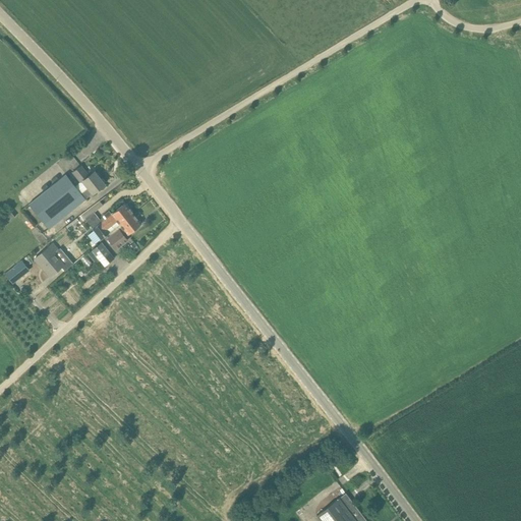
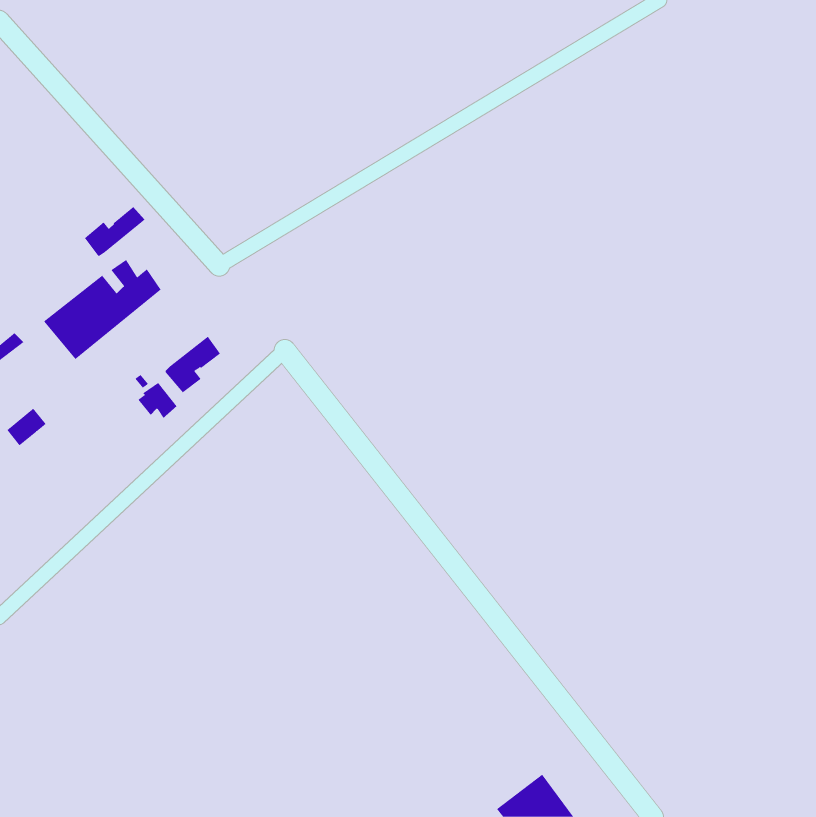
building: none -> [84,206,145,256]
building: [92,204,132,240] -> none
building: [35,243,72,276] -> none

